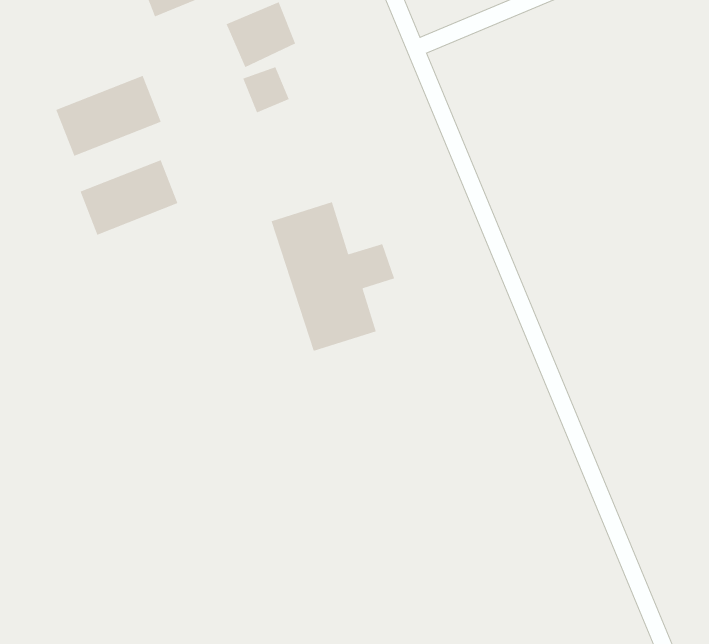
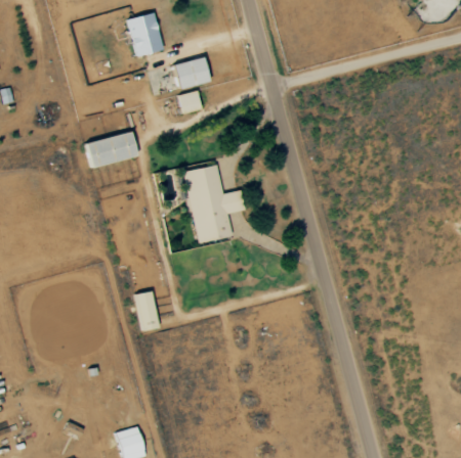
building: [55,75,162,157] -> none
building: none -> [135,290,160,330]

